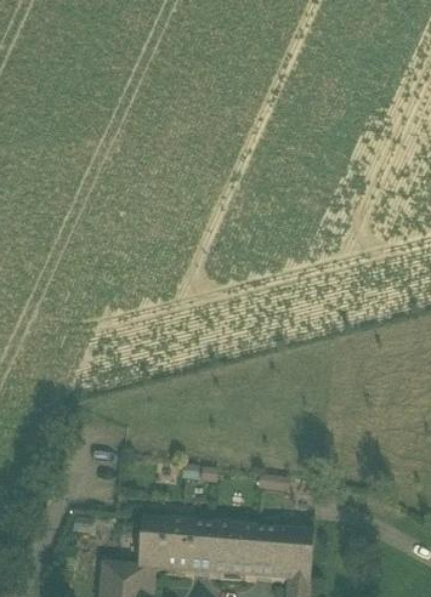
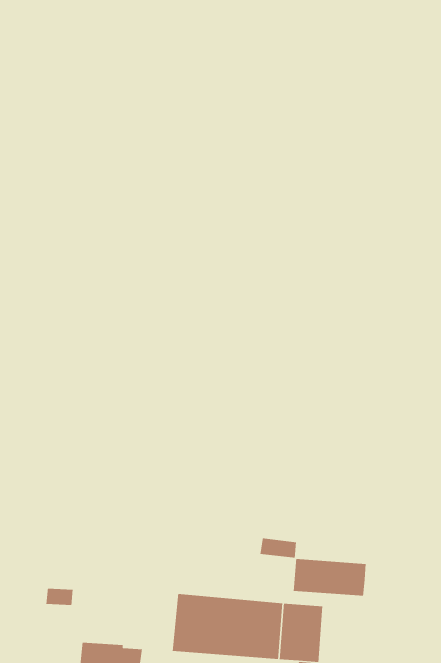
building: none -> [293,558,367,597]
building: [137,522,185,575] -> none

